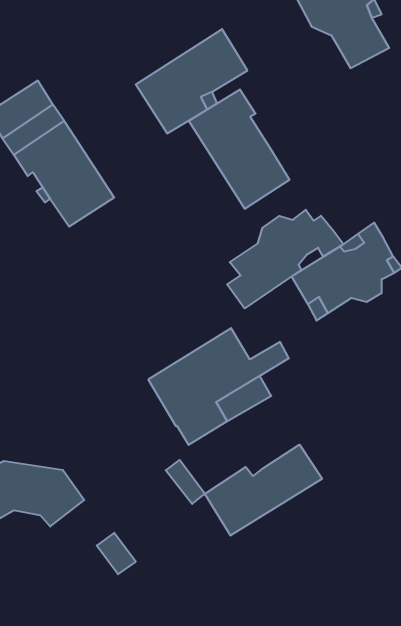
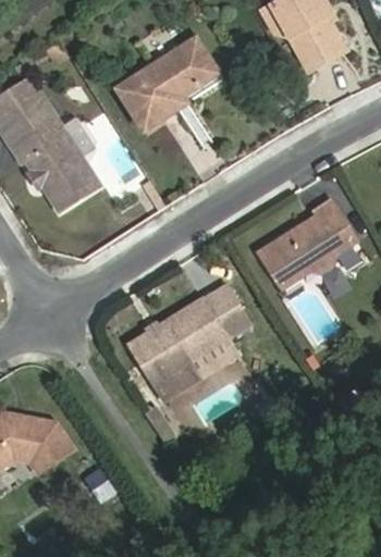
building: [189,89,289,209] -> none
building: [227,210,343,308] -> none
building: none -> [202,281,245,324]
building: [205,445,322,536] -> none

